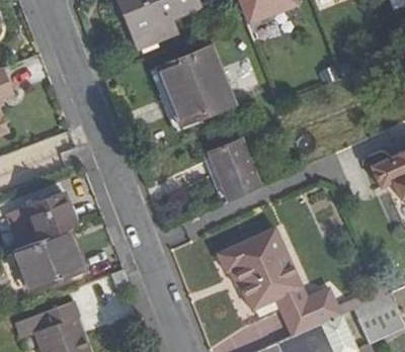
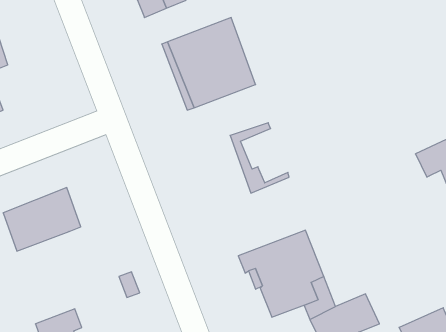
building: [219,144,260,191] -> none
building: [17,234,84,295] -> none

